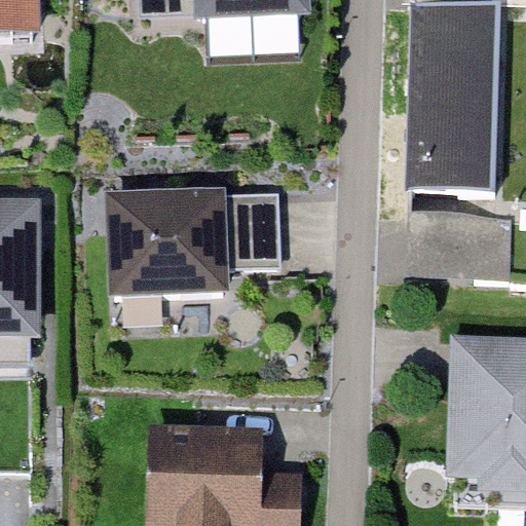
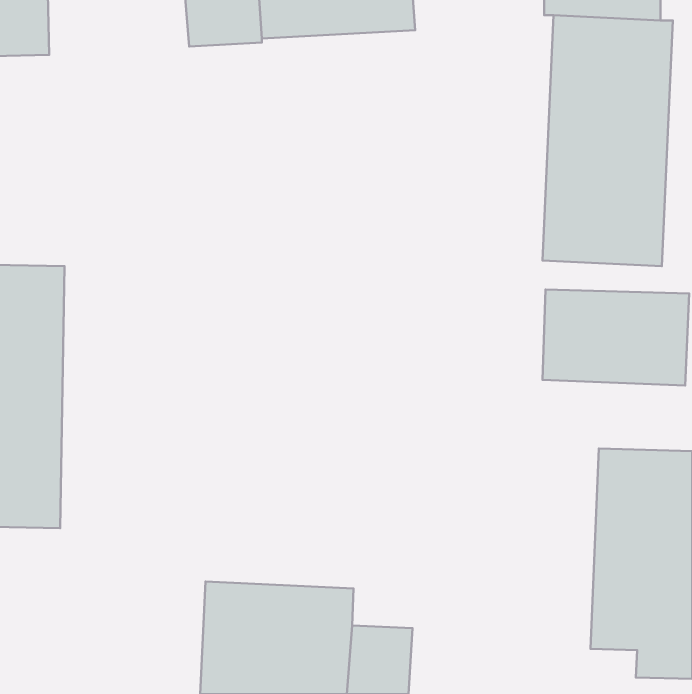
building: [104,184,280,287] -> none

